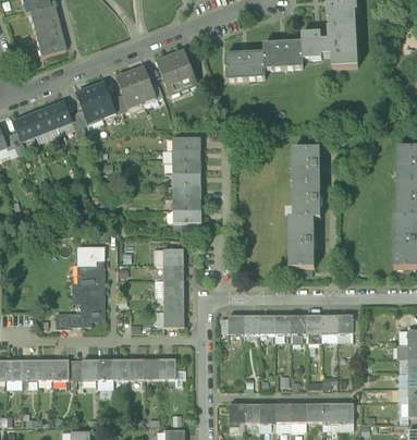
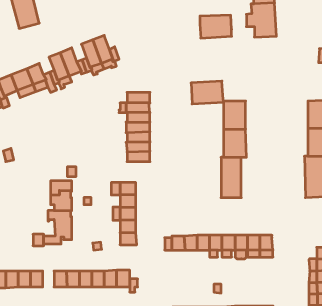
building: [301,29,321,58] -> none
building: [155,49,196,94] -> none
building: [224,51,265,80] -> [191,81,224,104]

